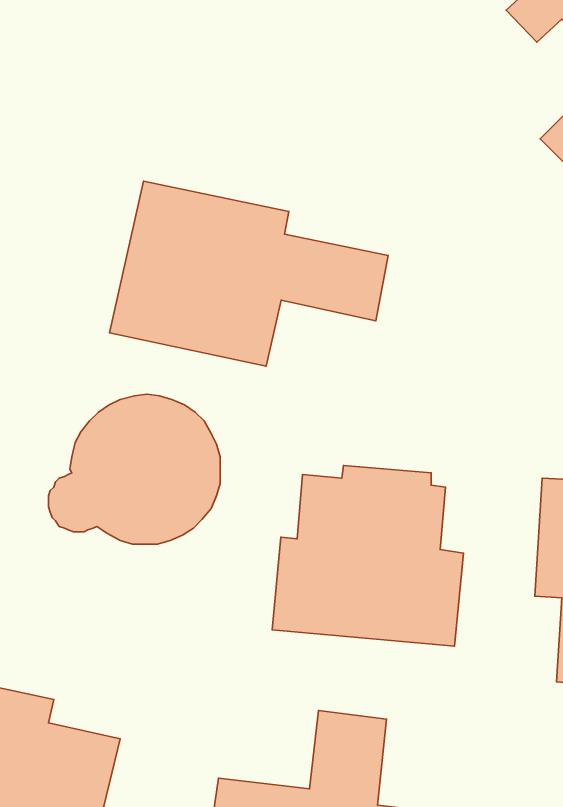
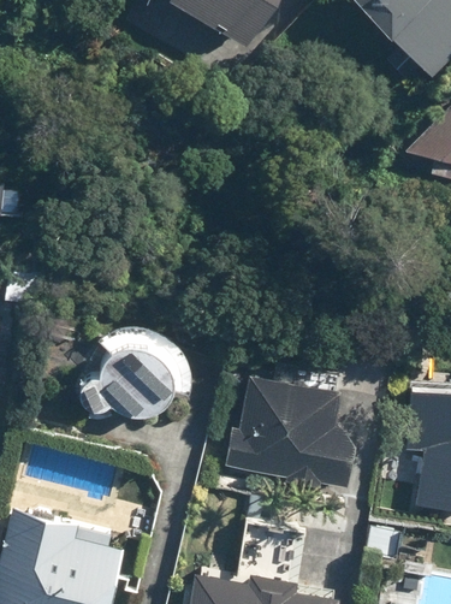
building: [110,181,388,366] -> none

